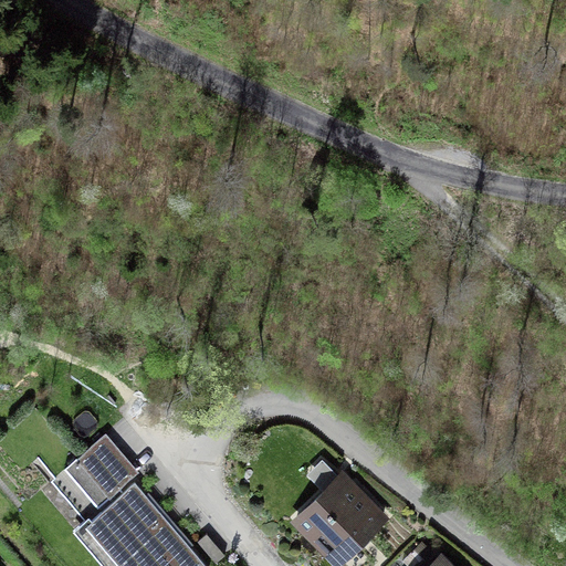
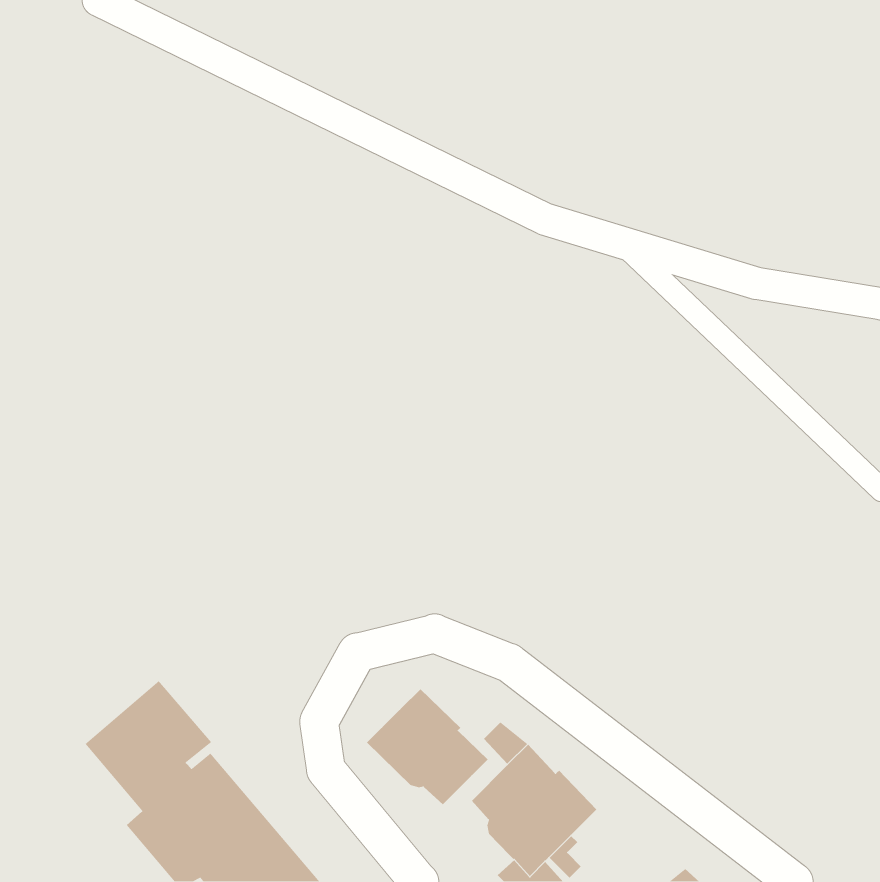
building: none -> [366,688,489,805]

